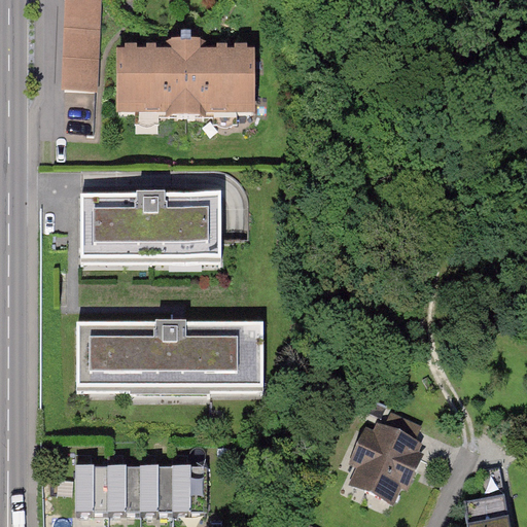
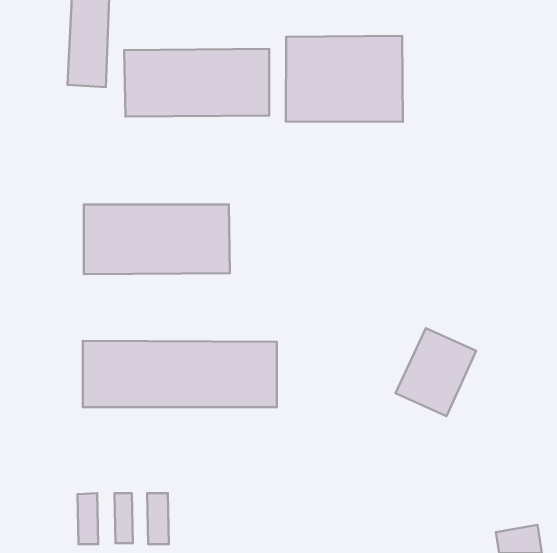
building: none -> [286,36,403,122]
building: [349,420,425,503] -> [395,328,476,416]
building: [171,464,195,512] -> none

